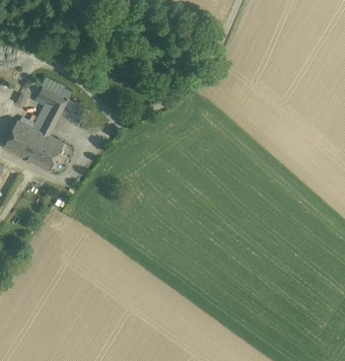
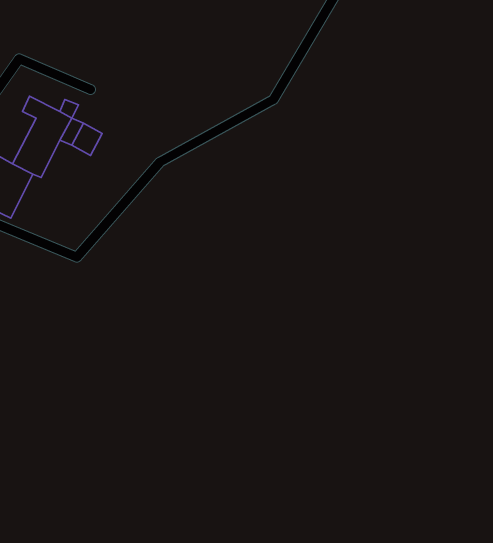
building: [30,134,63,170] -> none

